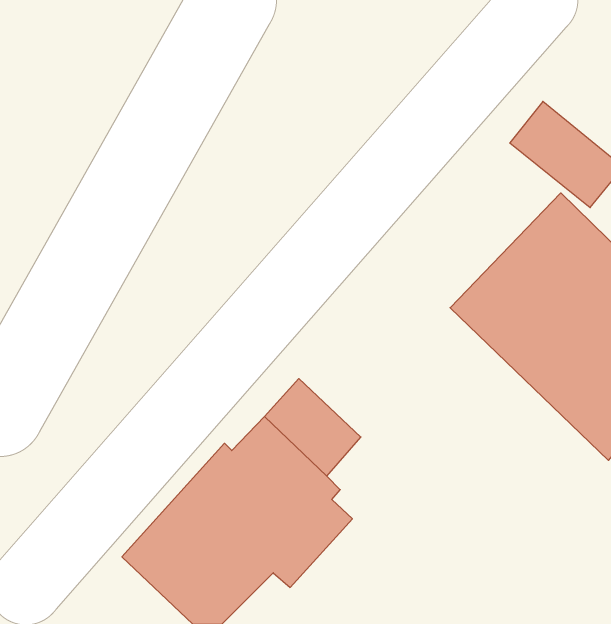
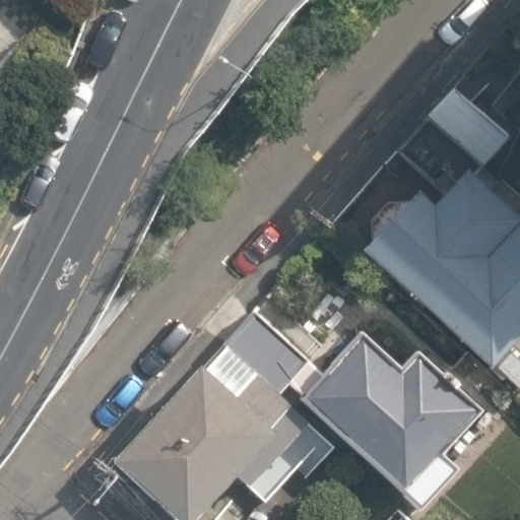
building: none -> [299,333,475,506]

